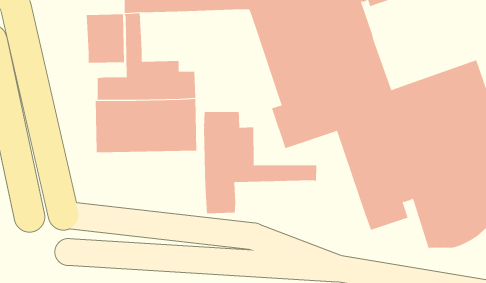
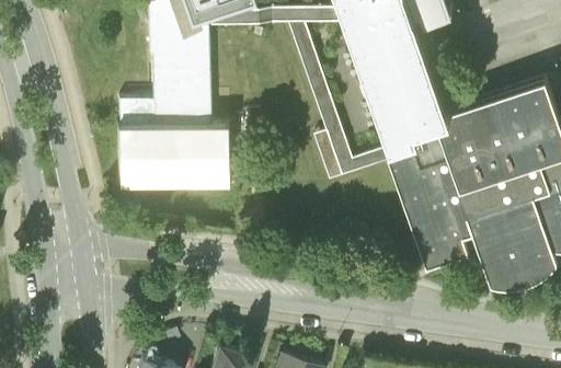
building: [86,14,125,63] -> [167,27,210,83]
building: [204,111,317,214] -> none

